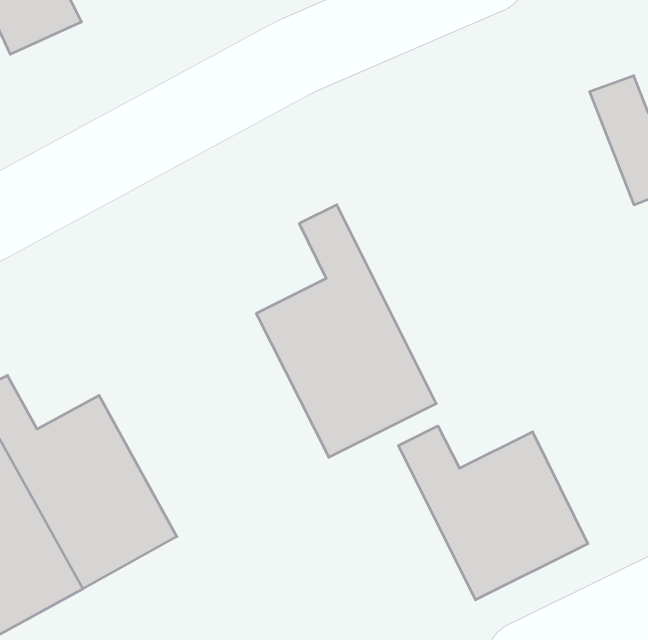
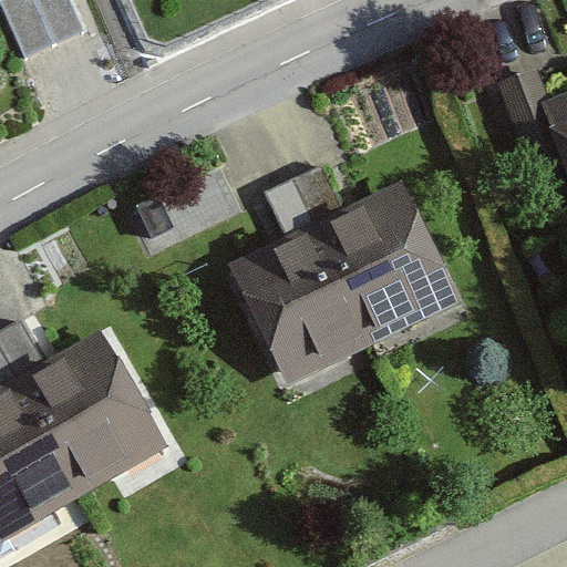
building: none -> [293,162,458,341]
building: [398,426,588,600] -> none

